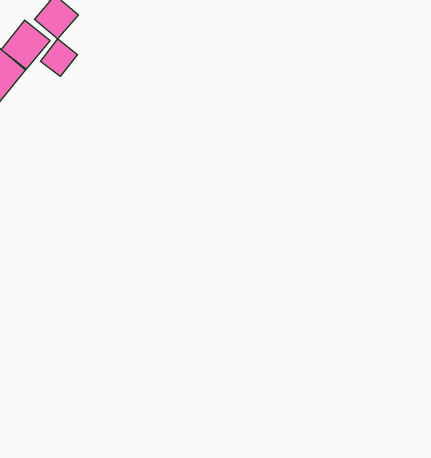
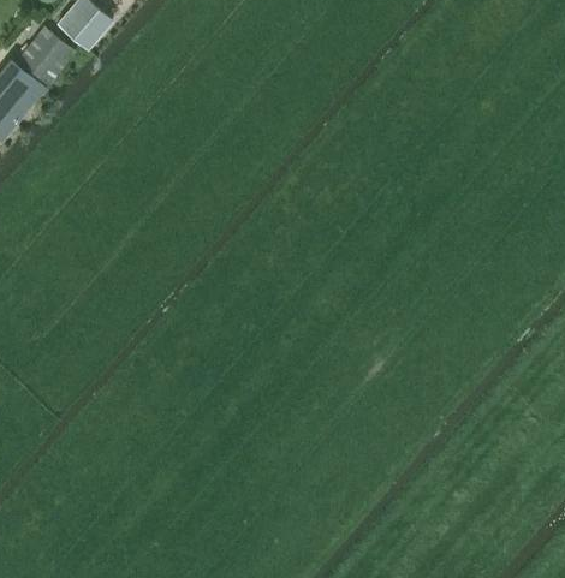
building: [40,39,78,76] -> none

